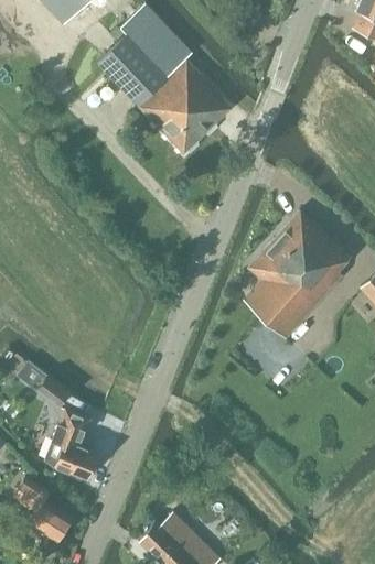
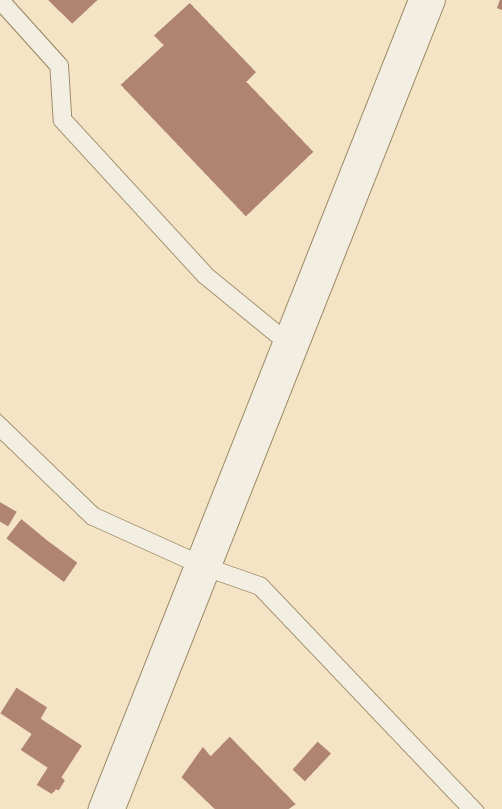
building: [245,212,352,338] -> none
building: [46,410,98,478] -> none

